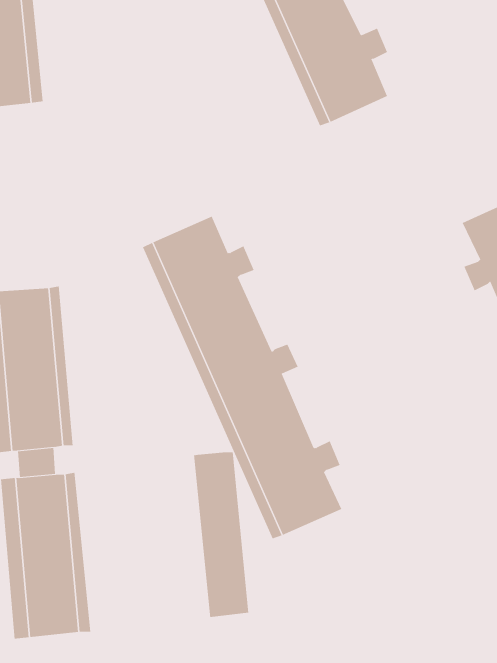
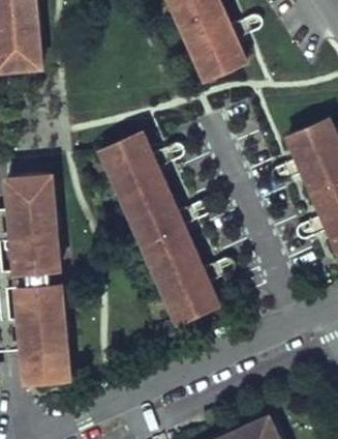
building: [194,452,249,618] -> none

